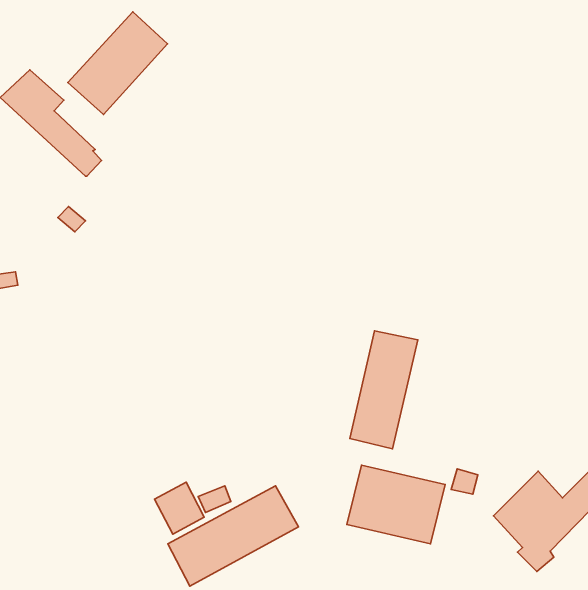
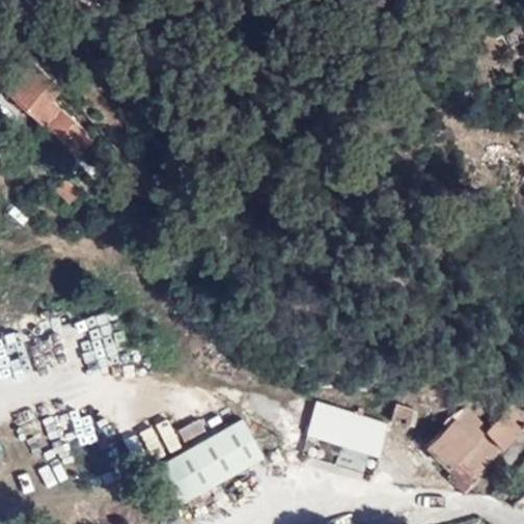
building: [68,12,167,114] -> none
building: [350,331,418,449] -> none

